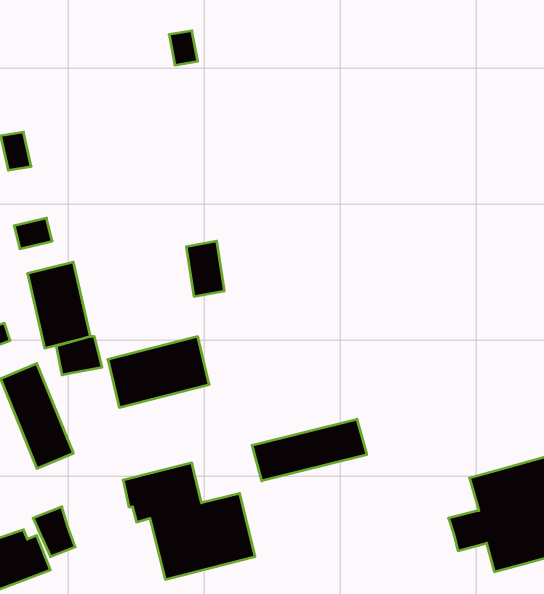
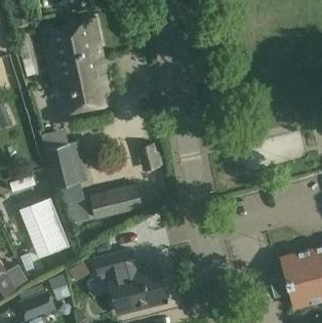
building: none -> [45,18,113,112]
building: [252,419,367,481] -> none

